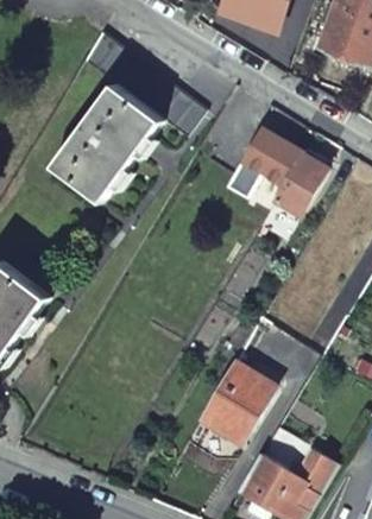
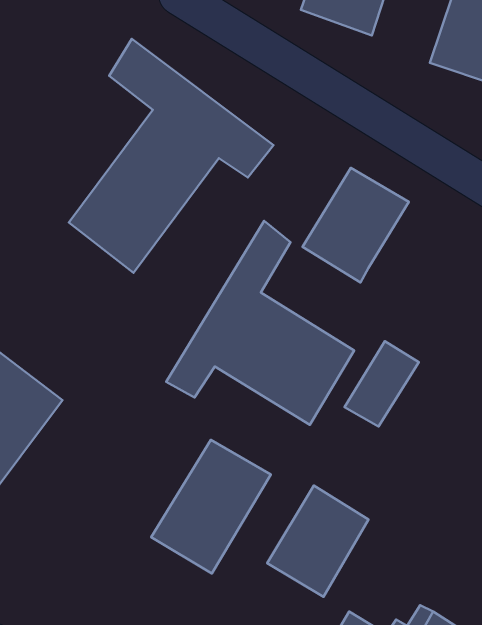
building: [273,152,328,215] -> [345,341,419,427]
building: none -> [166,221,354,425]
building: none -> [151,440,271,574]

